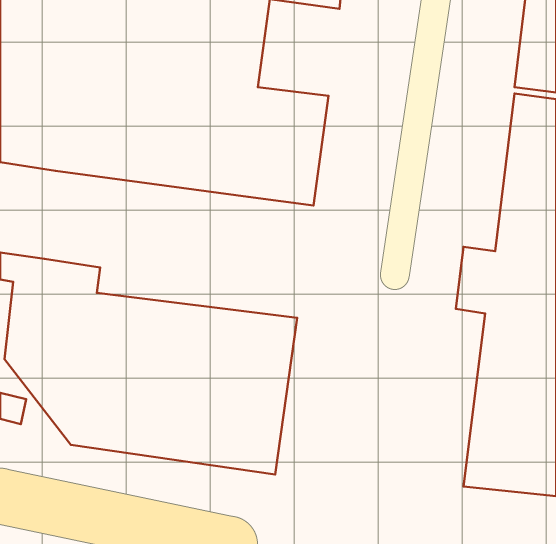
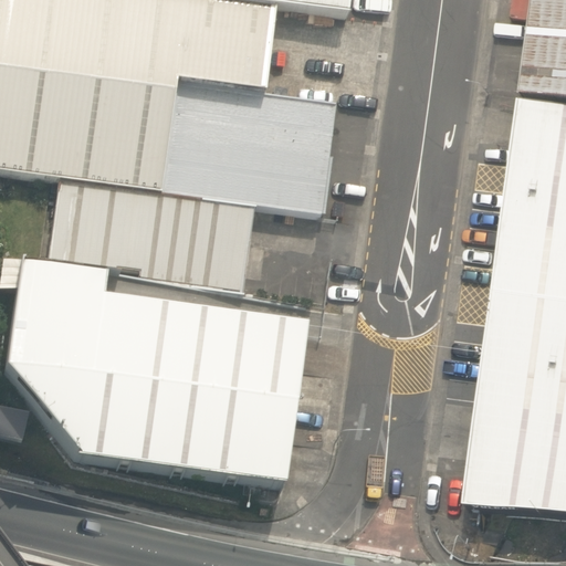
building: none -> [45,174,252,290]

